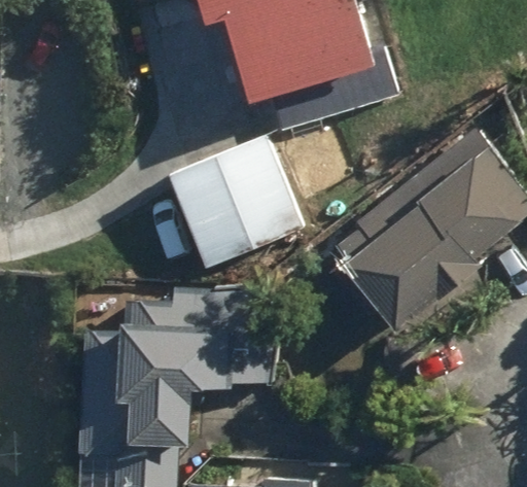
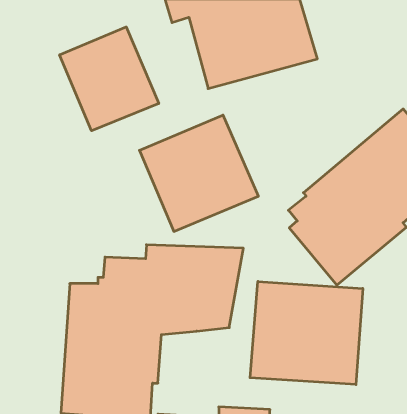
building: none -> [60,27,159,131]
building: none -> [250,281,363,385]

